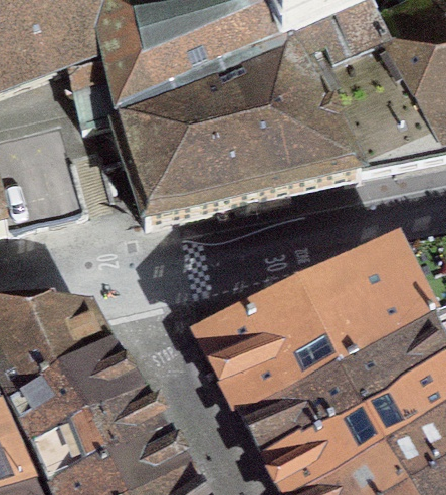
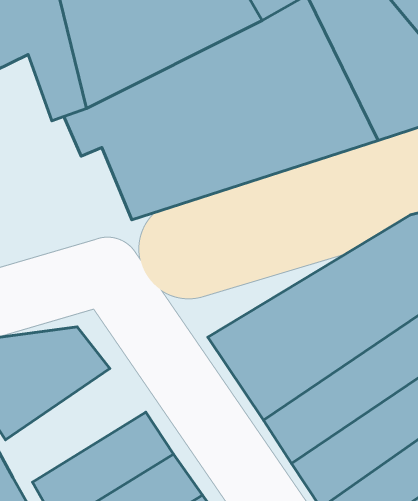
building: [12,347,140,442] -> none

